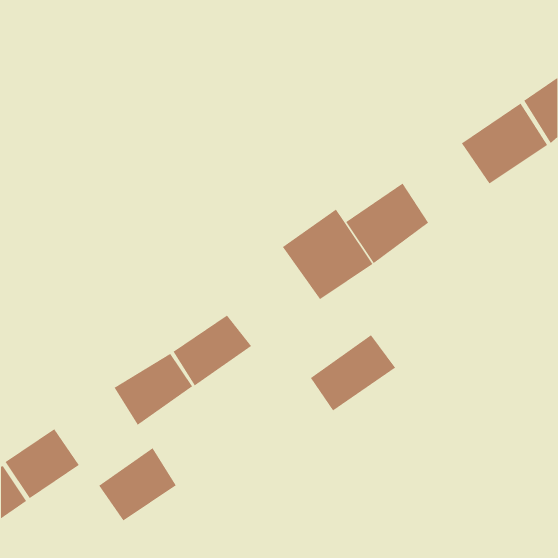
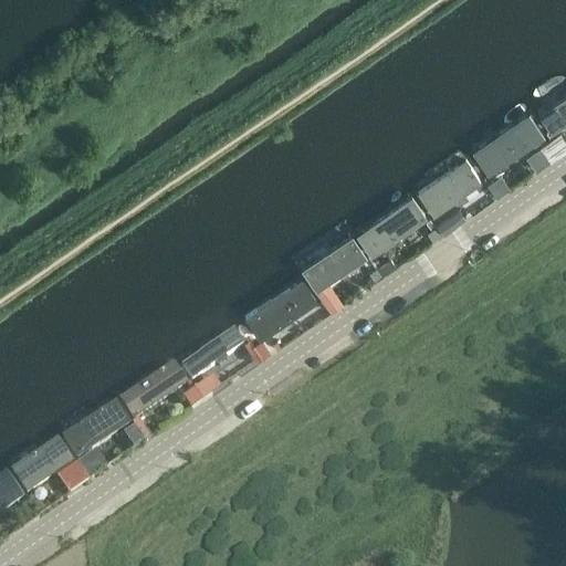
building: none -> [410,147,494,227]
building: [310,334,396,412] -> [235,270,323,348]
building: [98,447,177,522] -> [57,394,137,469]

